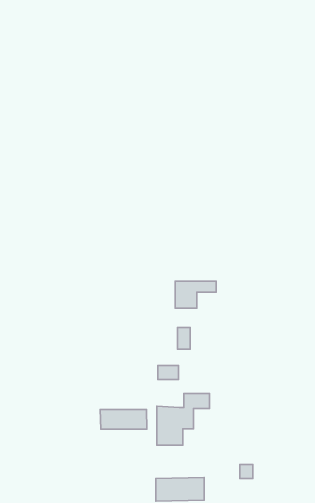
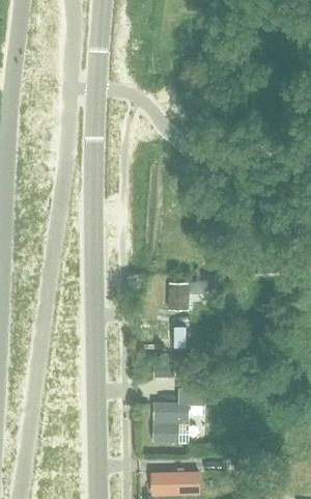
building: [100,410,147,429] -> none

